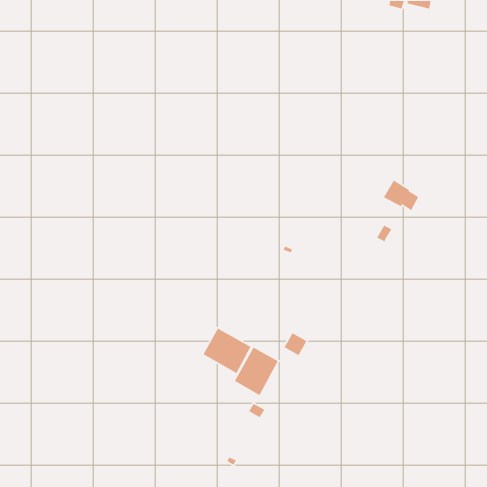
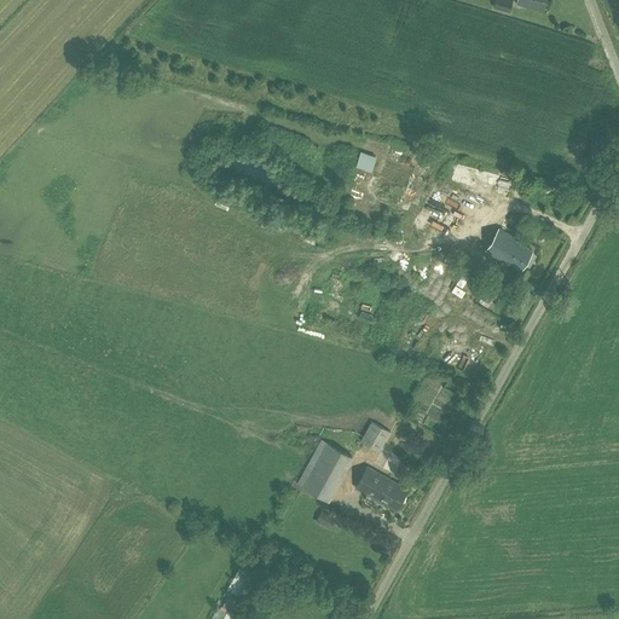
building: [202,327,251,374] -> none
building: none -> [354,468,407,511]

